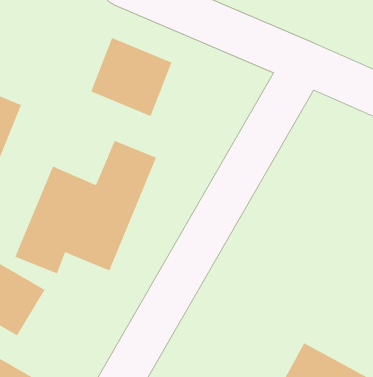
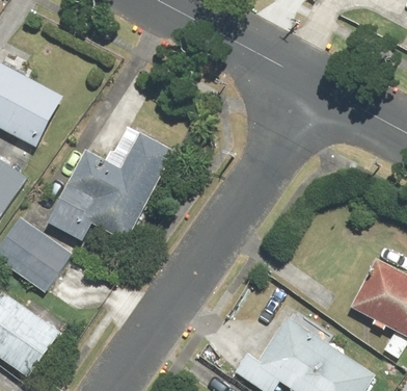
building: [90,37,172,117] -> none

